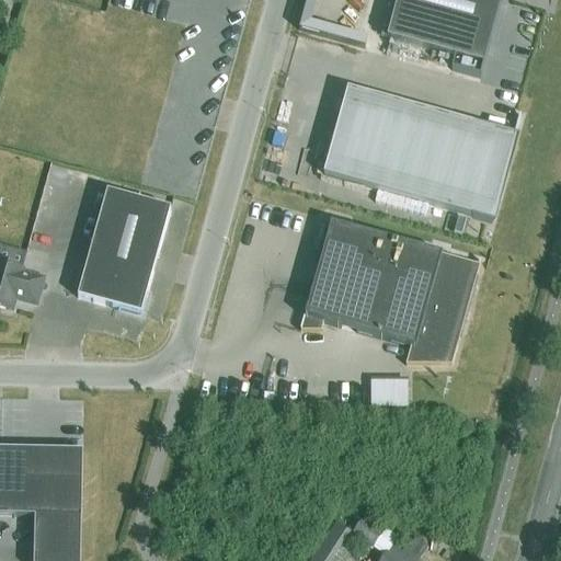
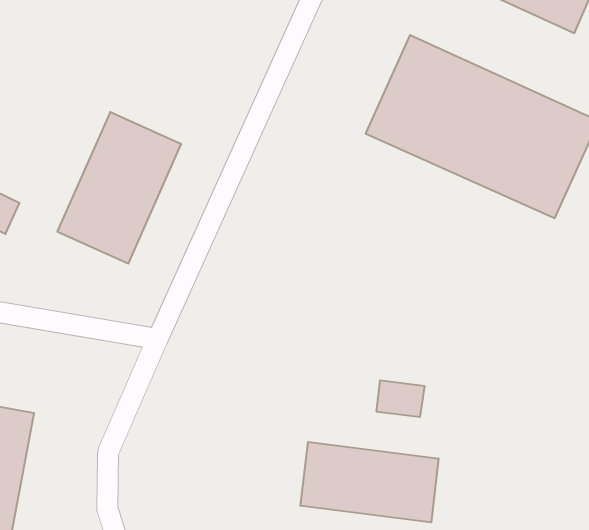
building: [300,219,481,360] -> none
building: none -> [301,442,439,522]

